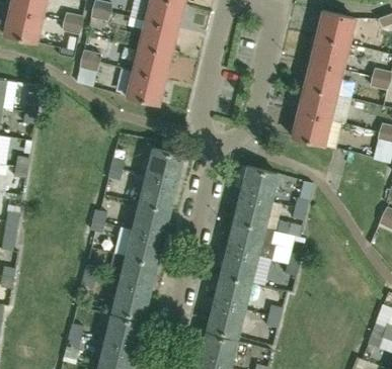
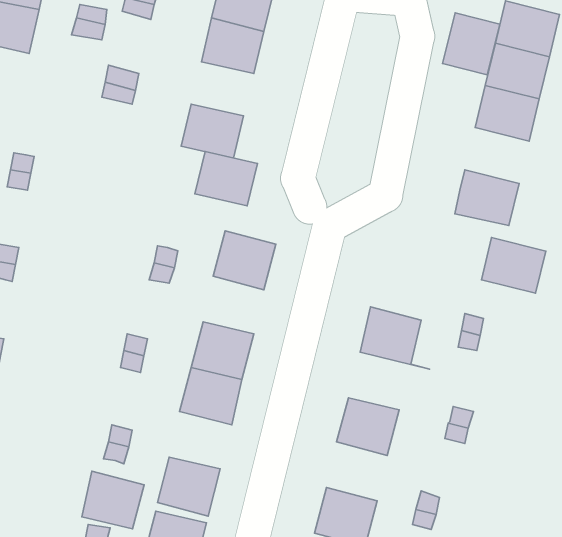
building: none -> [443,13,500,75]
building: [133,48,170,80] -> [195,152,257,206]
building: [297,87,335,120] -> [481,238,546,293]
building: [240,167,278,202] -> none
building: [140,176,176,210] -> none
building: [227,221,277,259] -> none
building: [120,257,157,291] -> [82,471,144,529]
building: [214,275,250,310] -> none

